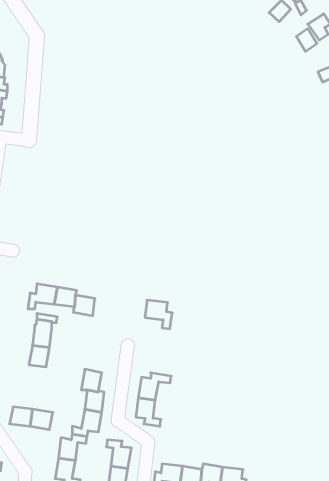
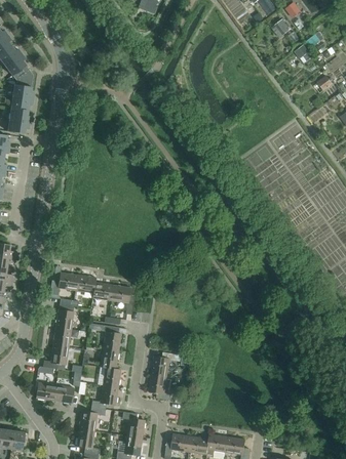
building: [145,300,172,329] -> [111,285,136,310]
building: none -> [104,325,121,351]
building: none -> [43,344,69,369]

